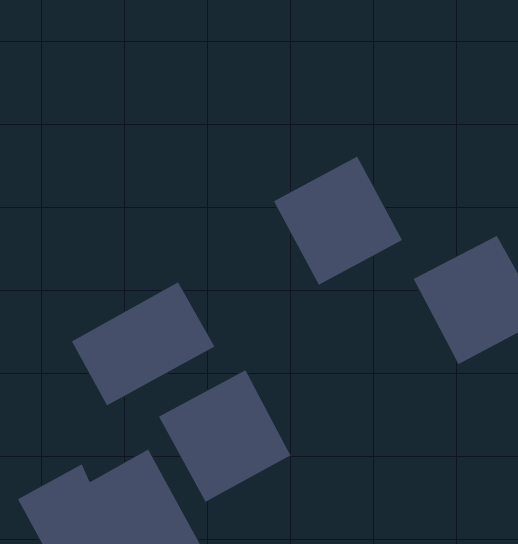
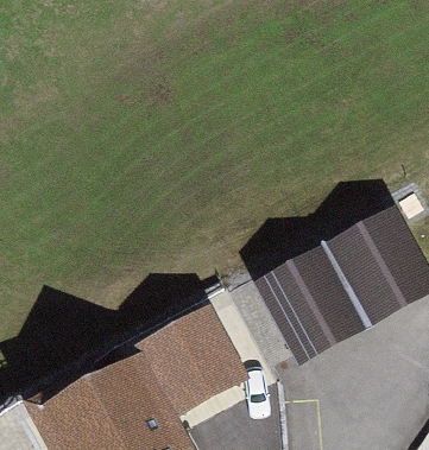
building: [273,156,403,286] -> [260,252,355,347]
building: [71,281,215,406] -> none

